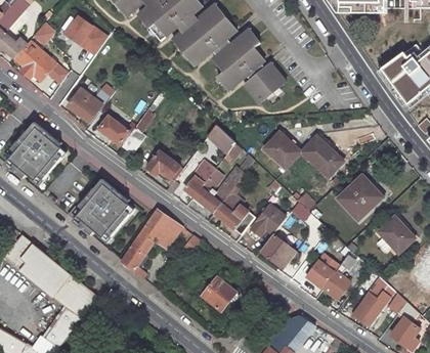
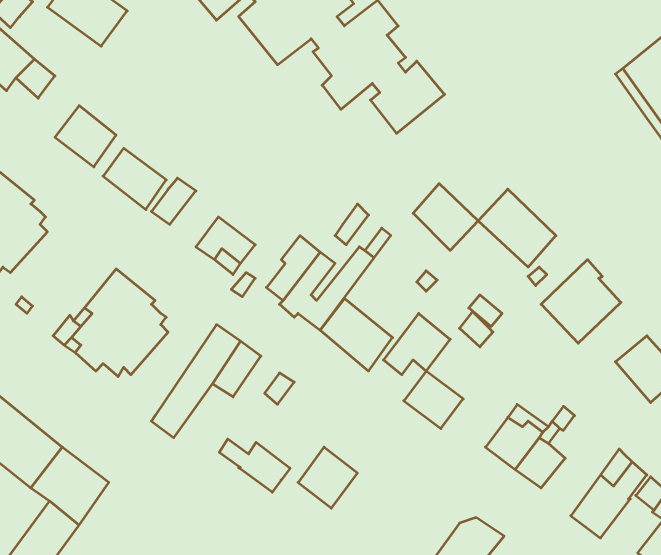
building: [207,124,234,153] -> none
building: none -> [219,439,290,492]

